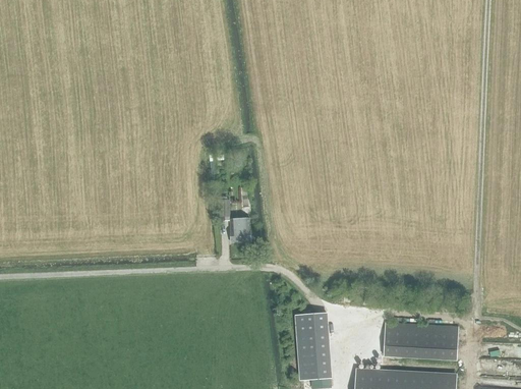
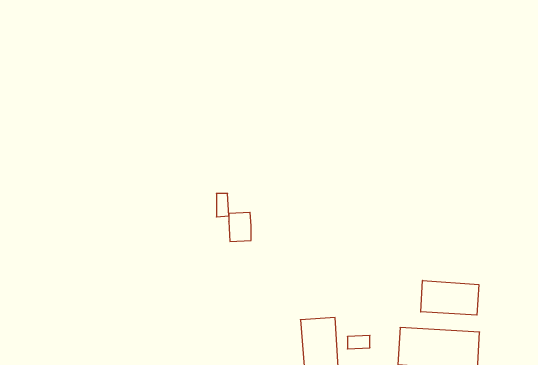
building: none -> [421,280,479,315]

